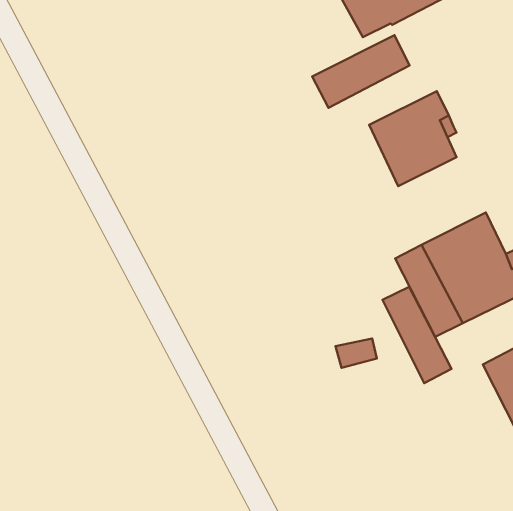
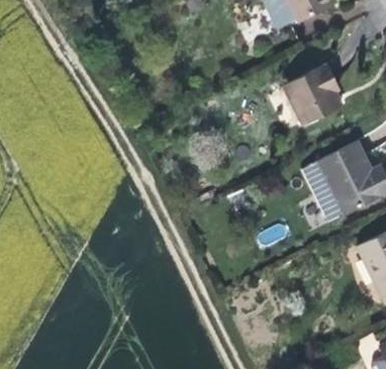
building: [312,35,409,108] -> none
building: [383,287,452,383] -> none

